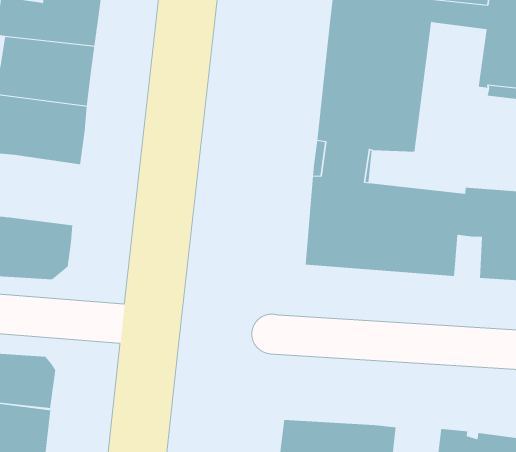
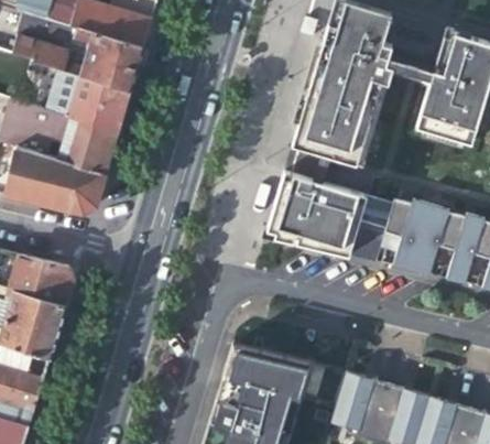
building: none -> [57,118,118,176]

